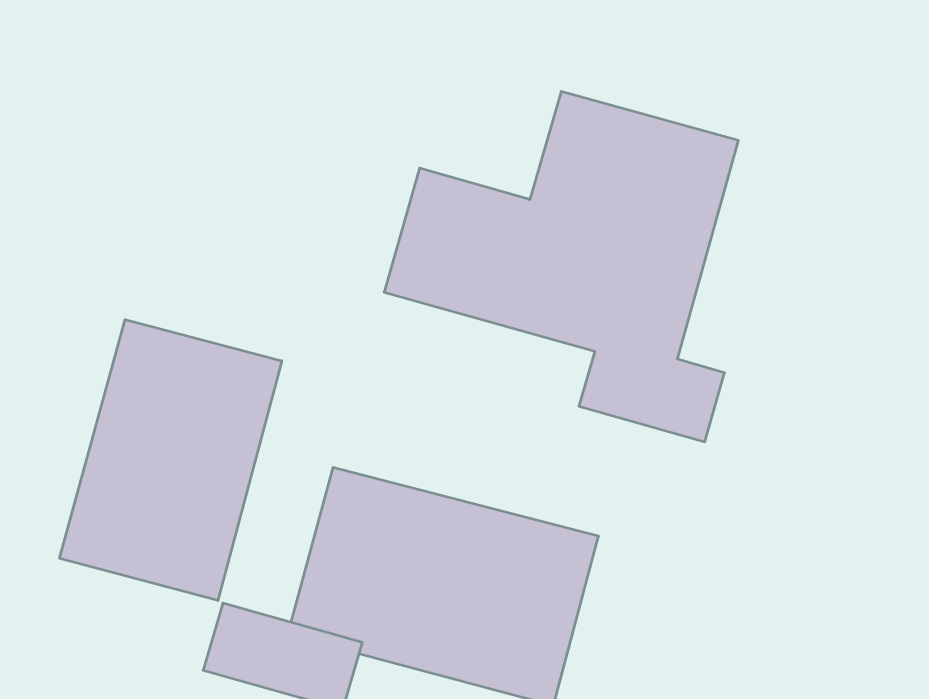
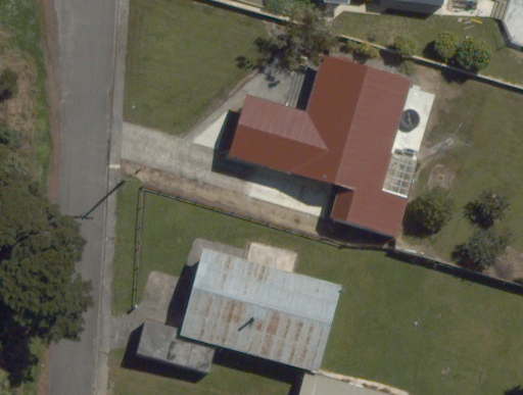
building: [60,320,282,601] -> none

